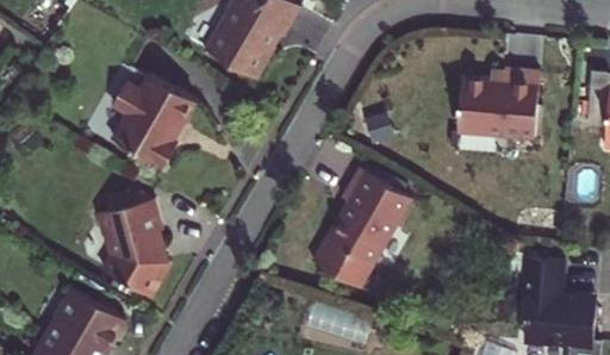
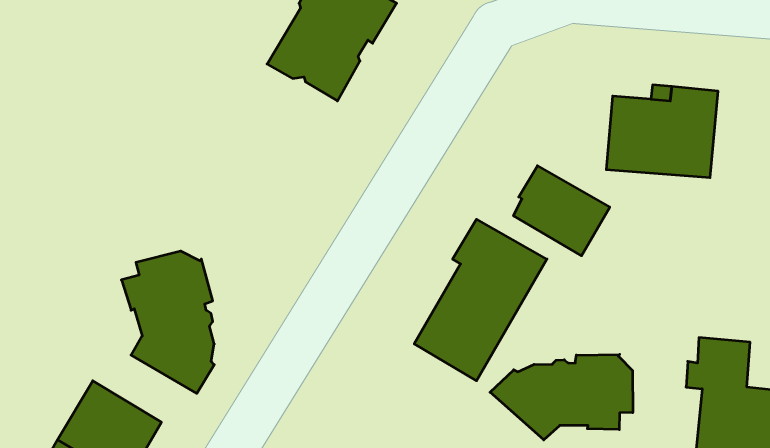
building: [112,74,194,168] -> none
building: none -> [514,166,610,256]
building: none -> [490,354,633,440]

